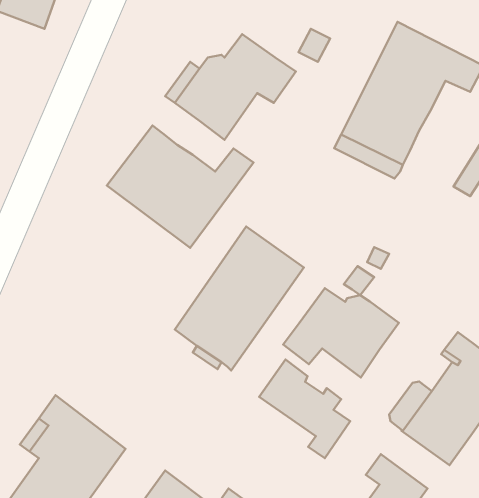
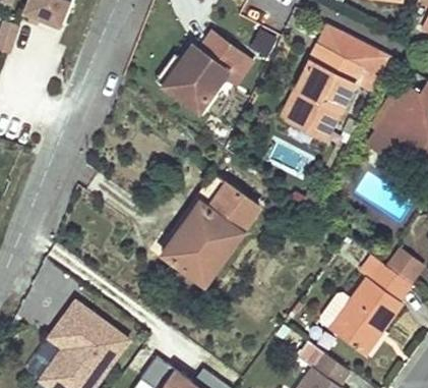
building: [107,125,254,248] -> none
building: [283,288,399,377] -> none
building: [259,360,350,458] -> none

